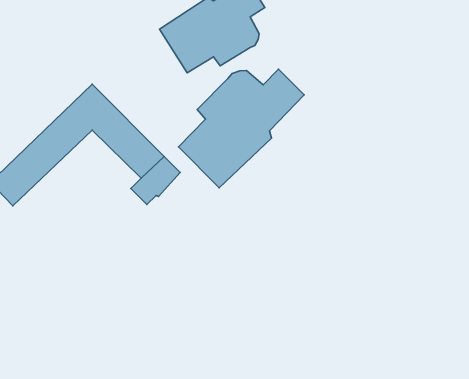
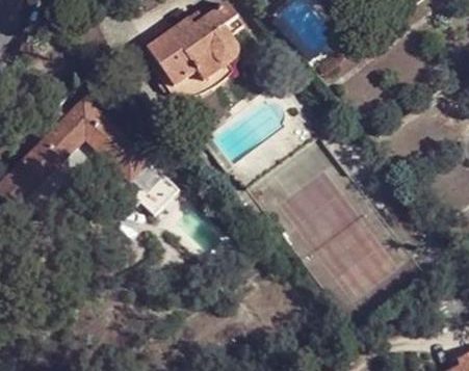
building: [179,69,304,188] -> none

